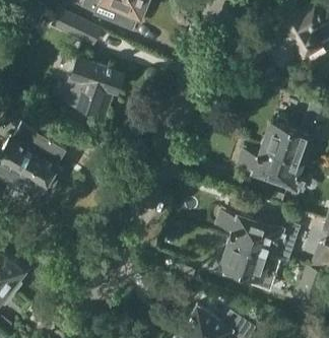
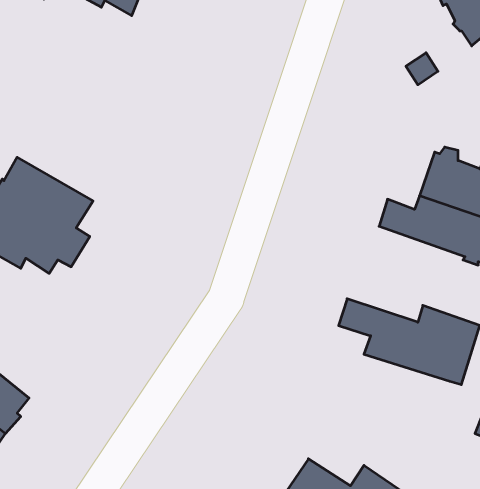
building: [61,61,123,115] -> none
building: [221,245,281,292] -> none

